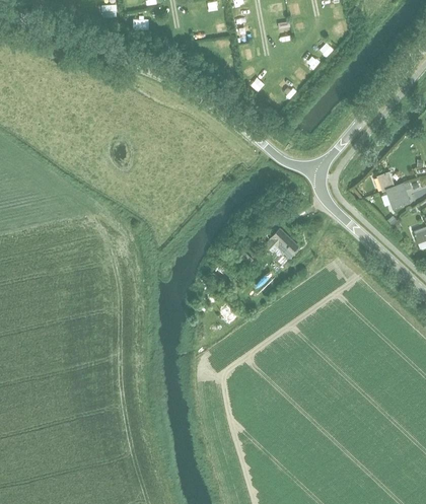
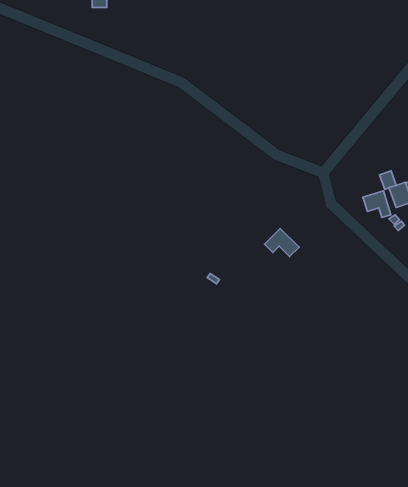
building: none -> [363,191,391,218]

